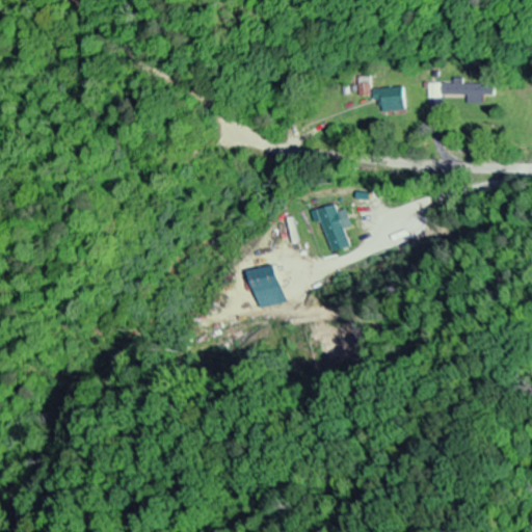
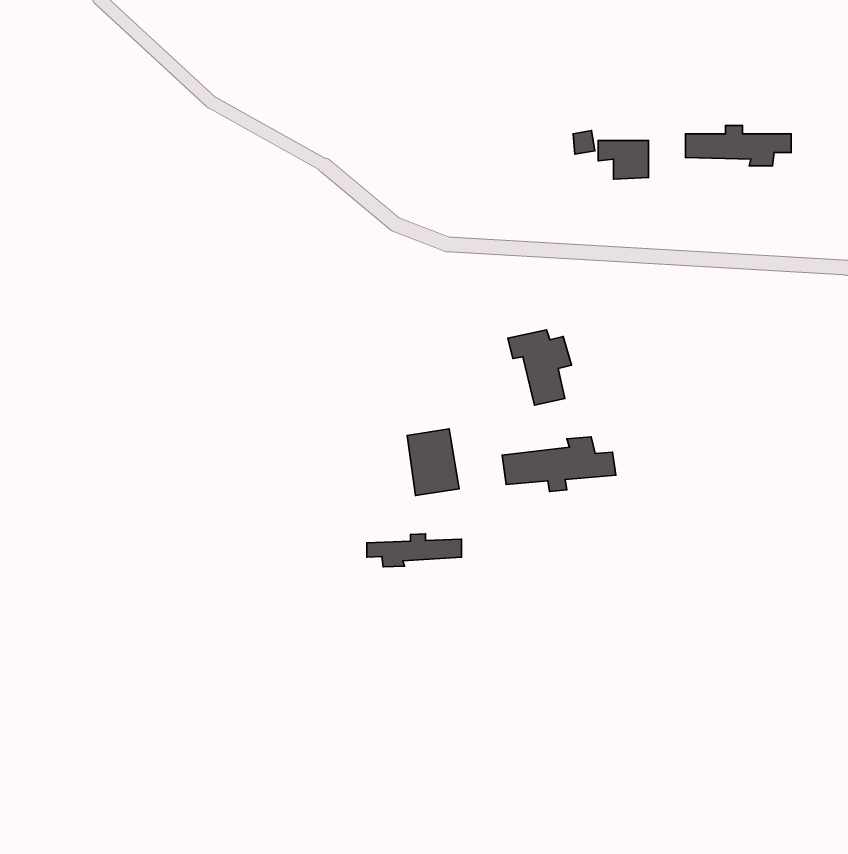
building: none -> [502,437,616,491]
building: none -> [367,534,462,567]

